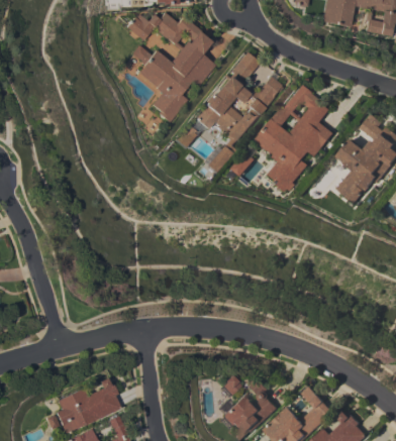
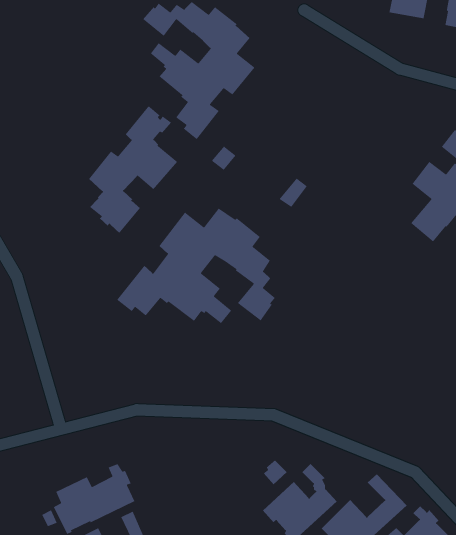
building: [195,51,282,172] -> none
building: [256,84,334,191] -> none
building: none -> [88,105,178,234]
building: none -> [116,208,276,324]

